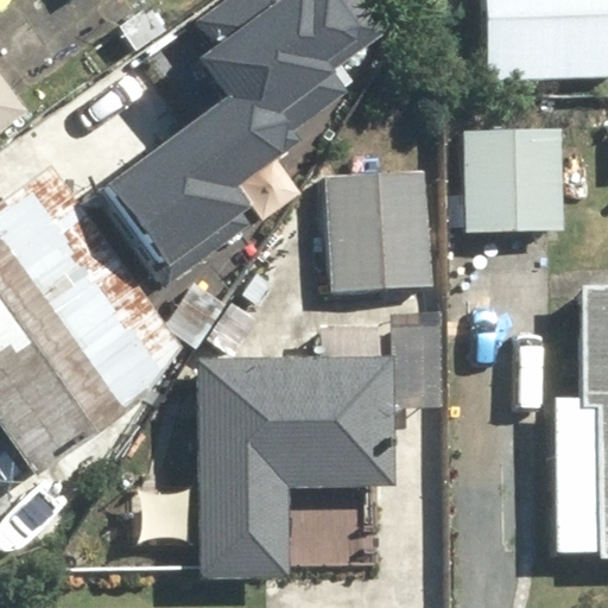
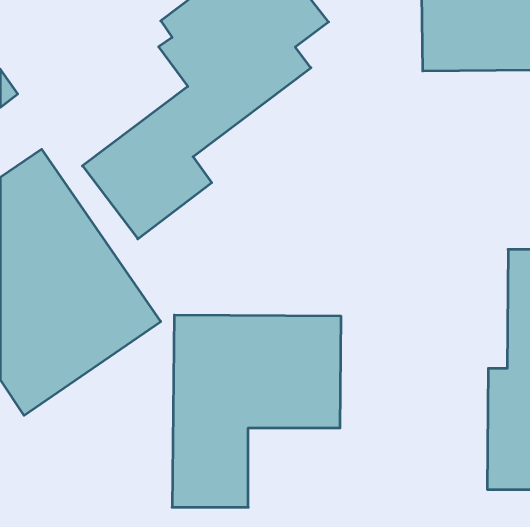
building: [466,131,559,232] -> none
building: [336,178,429,287] -> none

